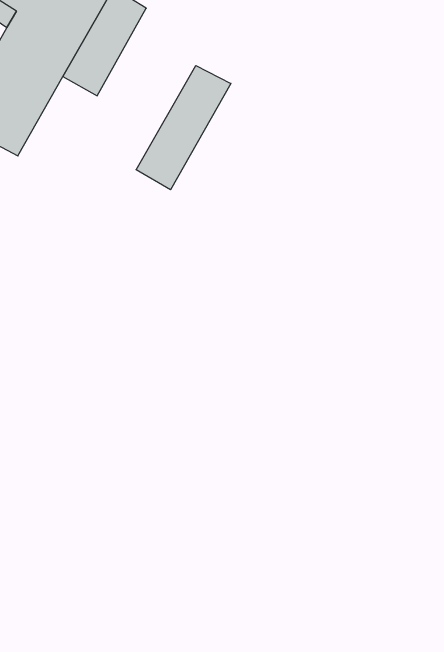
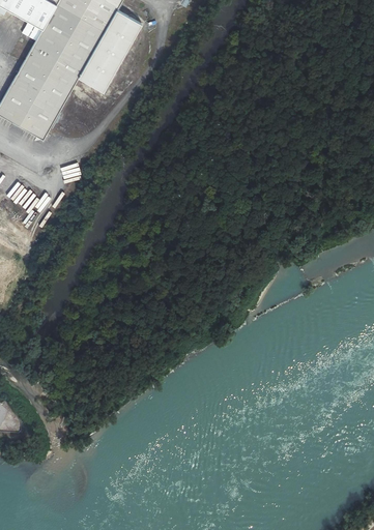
building: [136,66,231,190] -> none

